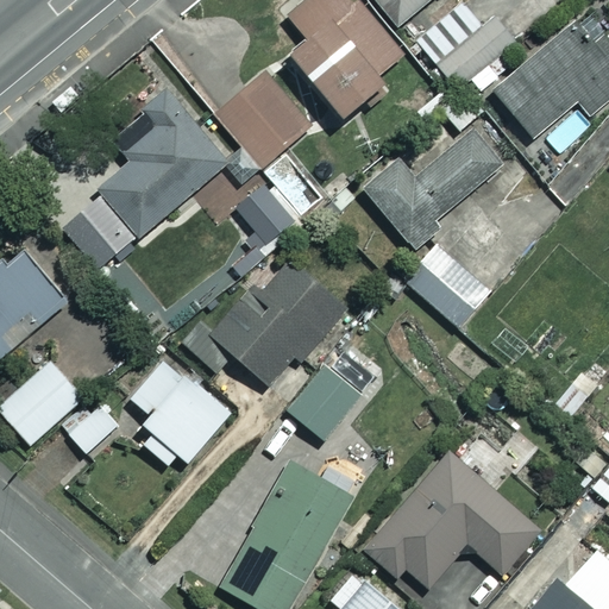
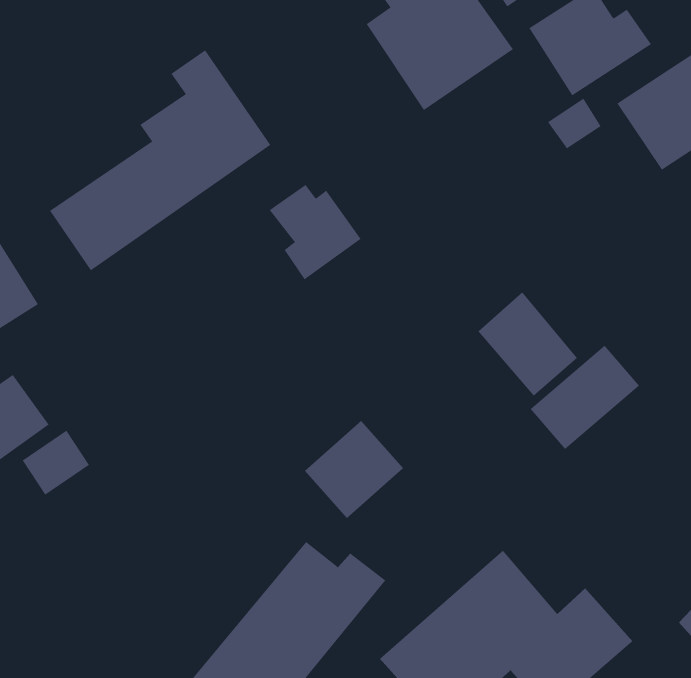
building: [213,70,310,168] -> none
building: [360,121,500,252] -> none
building: [194,252,349,384] -> none
building: none -> [530,345,640,450]
building: [128,356,230,465] -> none

